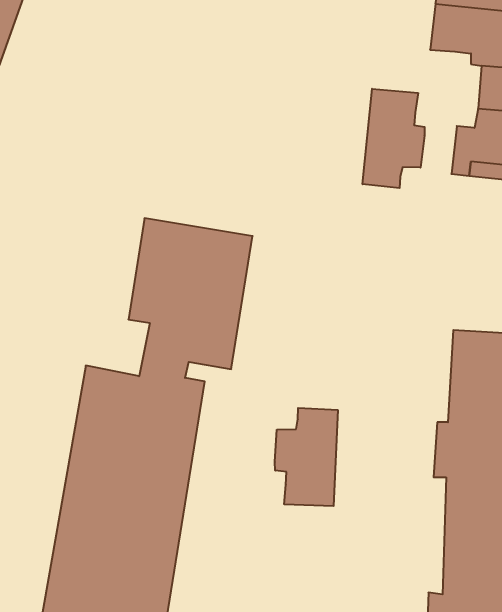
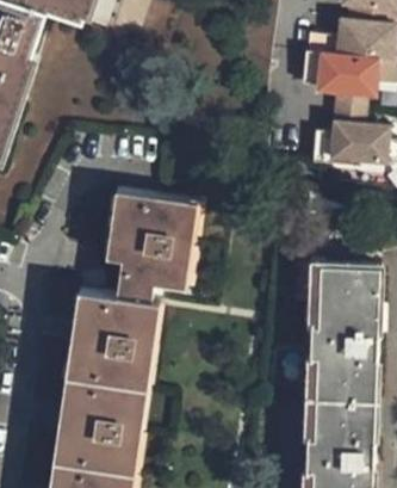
building: [363,89,425,188] -> none
building: [275,408,338,506] -> none

